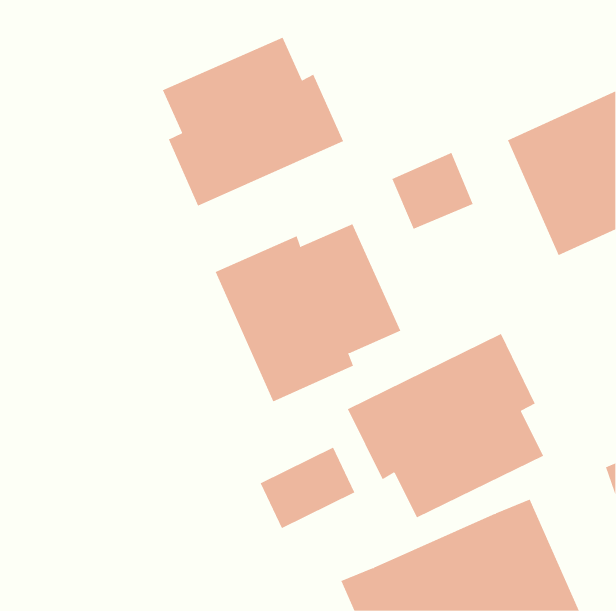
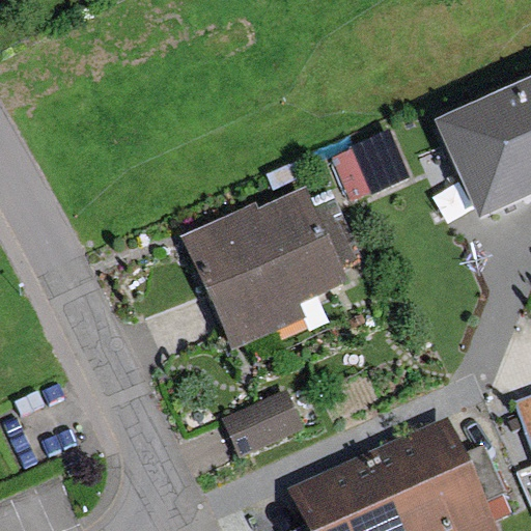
building: [162,37,344,207] -> none
building: [347,333,544,518] -> none

